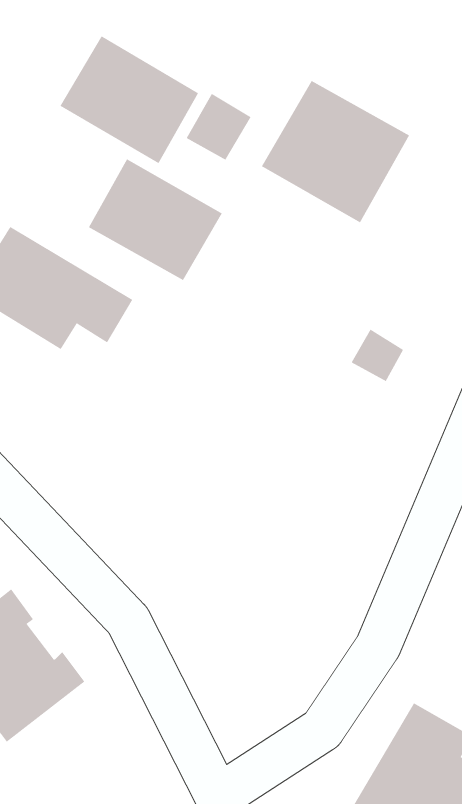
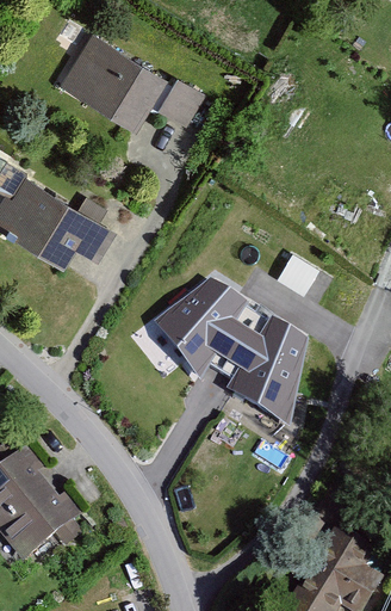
building: [261,80,410,223] -> none
building: [88,159,222,281] -> none
building: none -> [153,279,306,428]

